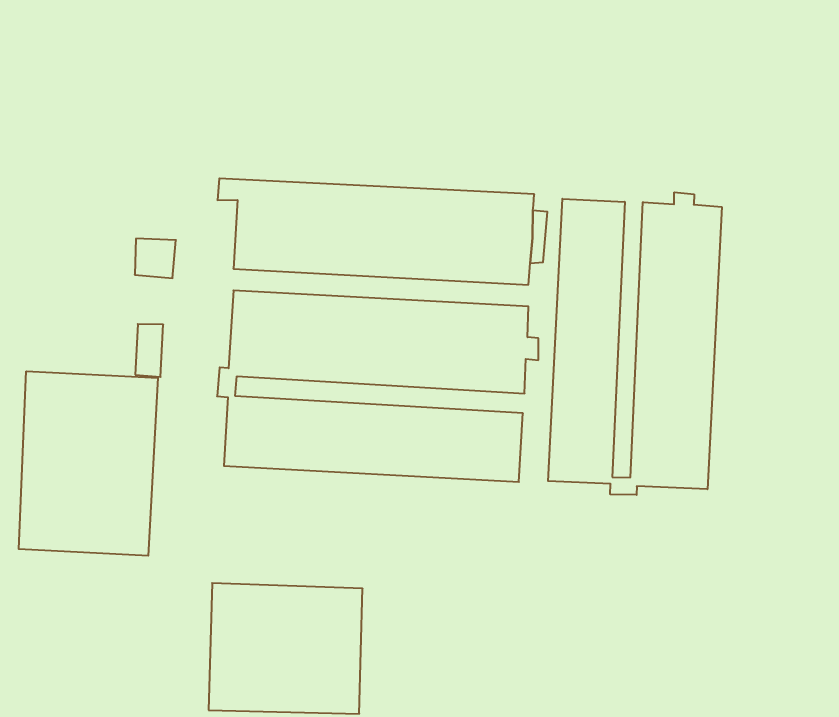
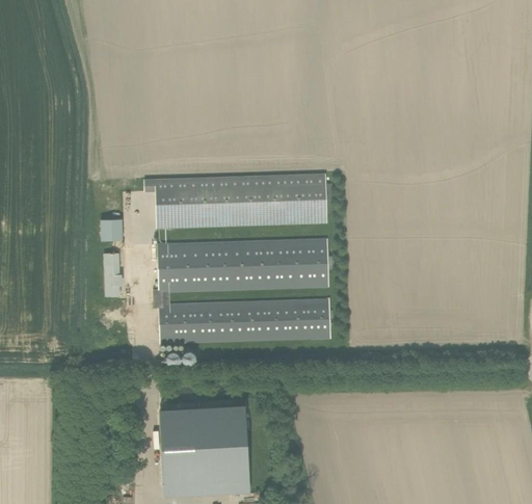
building: [548,192,722,495] -> none
building: [19,371,158,556] -> none

